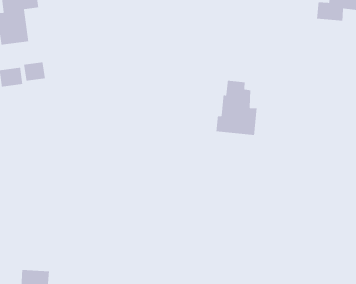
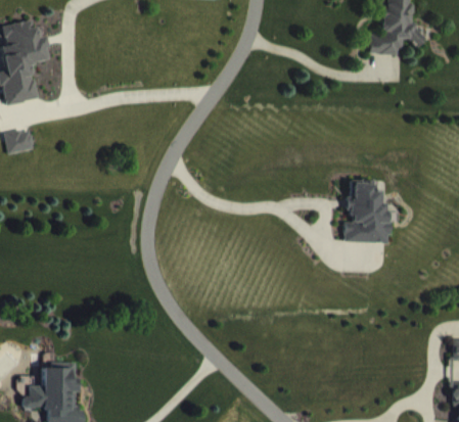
building: [23,61,46,82] -> none
building: [215,80,257,136] -> [342,180,389,243]

